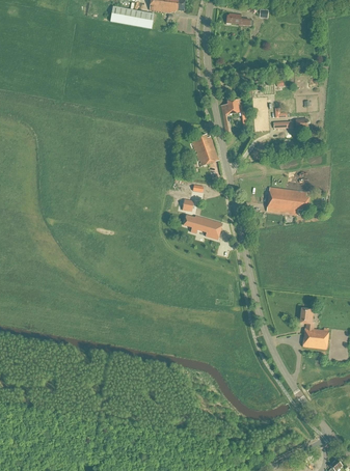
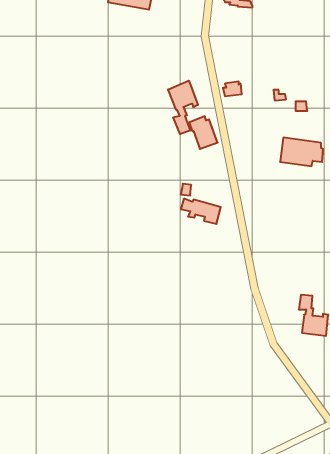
building: none -> [168,81,198,134]
building: [266,187,308,215] -> [280,138,323,166]

